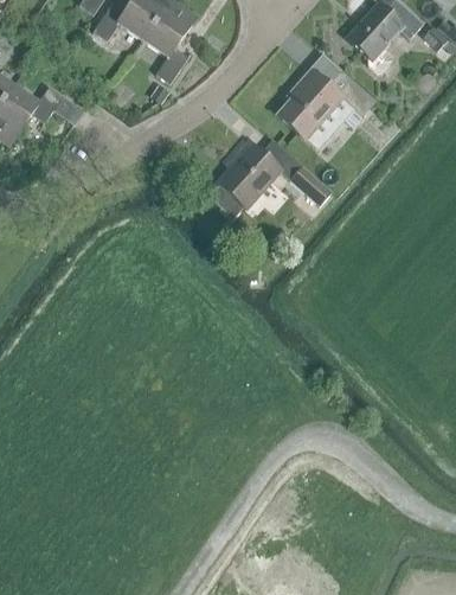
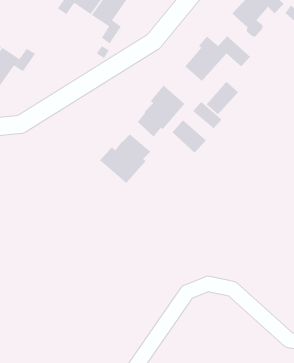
building: none -> [205,81,239,115]
building: none -> [171,119,207,154]
building: none -> [99,133,151,184]

